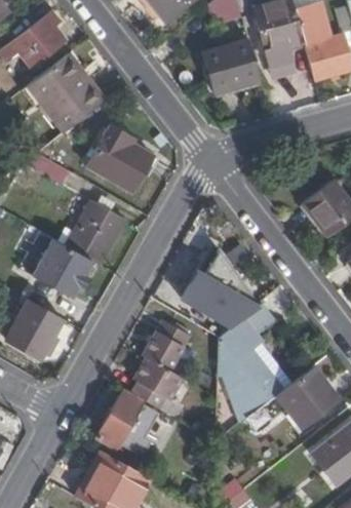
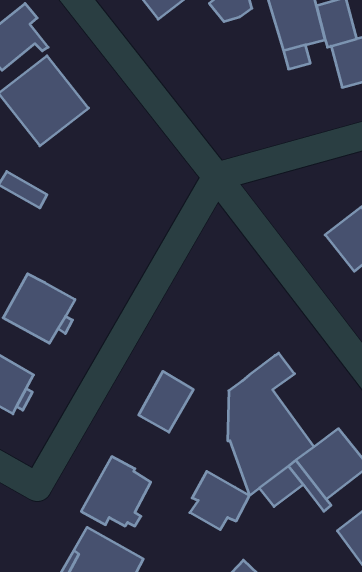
building: [205,43,260,92] -> none
building: [85,125,154,188] -> none
building: [67,200,125,264] -> none
building: [182,249,261,328] -> none
building: [133,358,184,407] -> [190,471,249,530]

